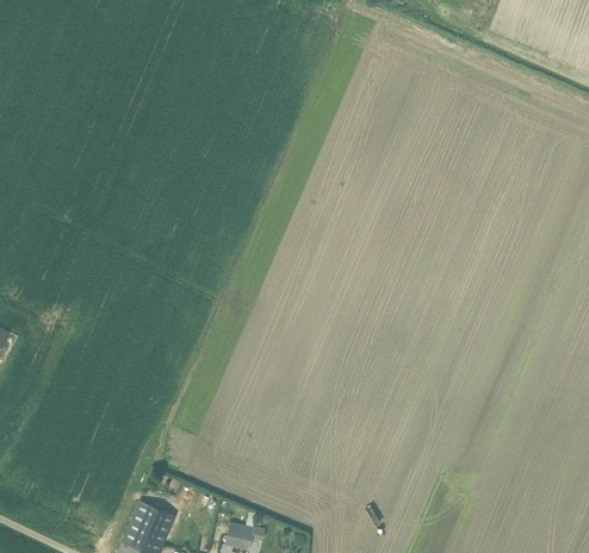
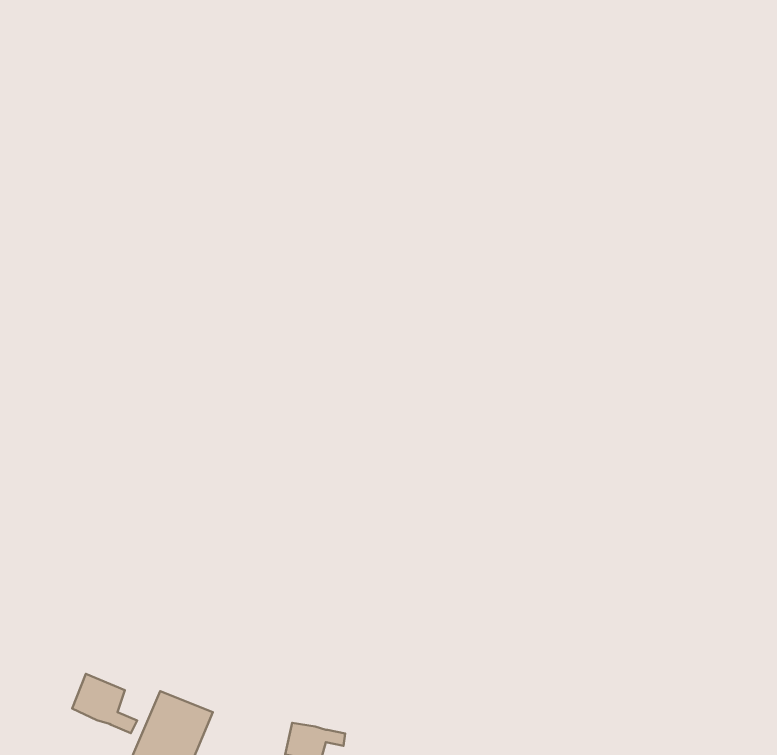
building: none -> [72,674,137,733]

